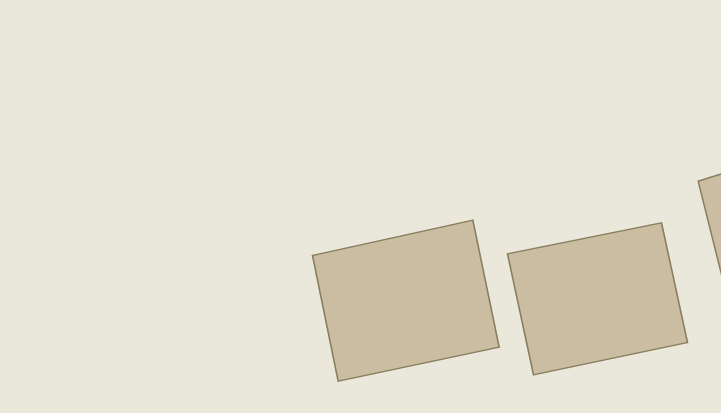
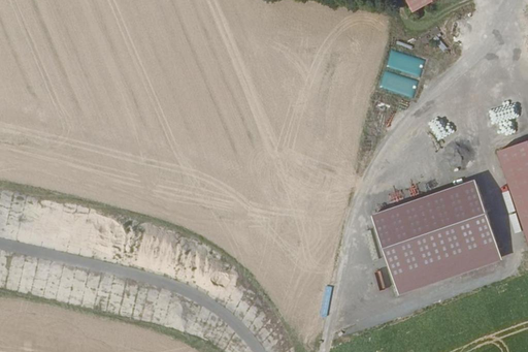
building: [313,220,499,381] -> none

